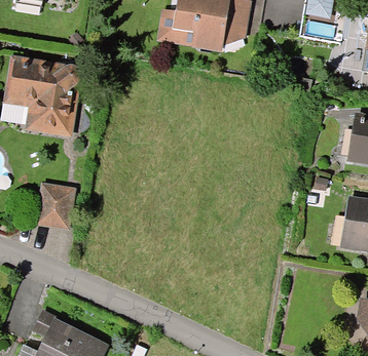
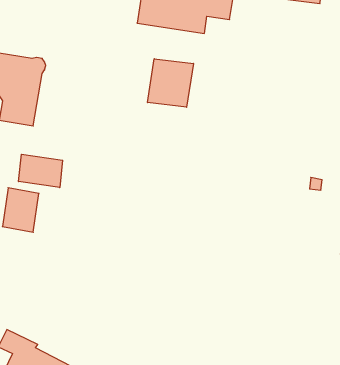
building: none -> [148,59,193,107]
building: none -> [19,154,63,188]

